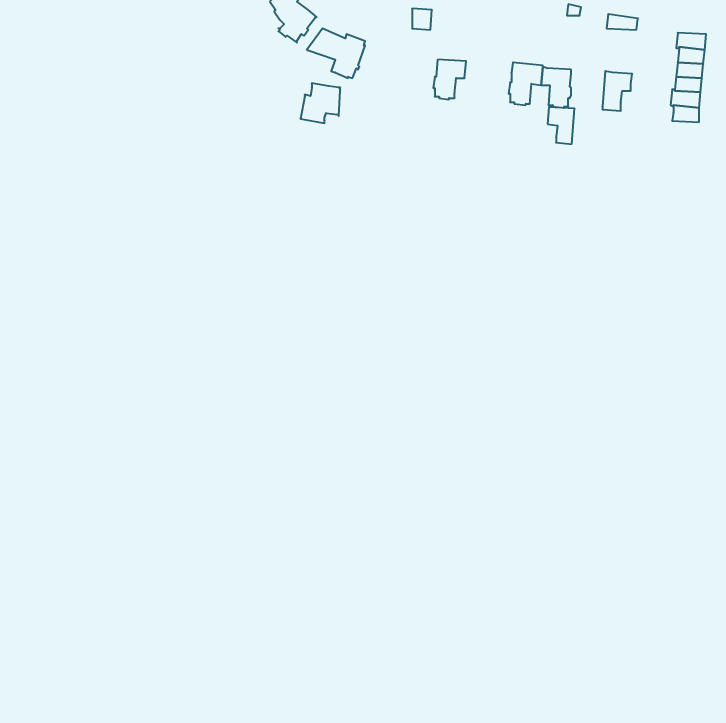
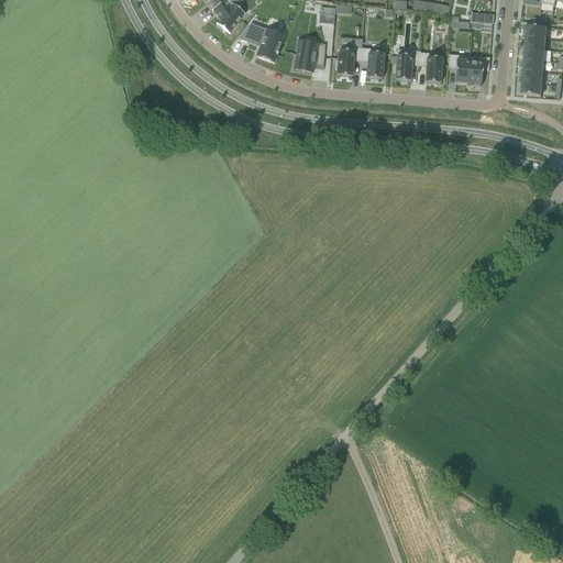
building: none -> [360,47,384,79]
building: [300,83,340,123] -> [294,41,324,71]
building: [548,107,575,144] -> [448,54,468,82]

